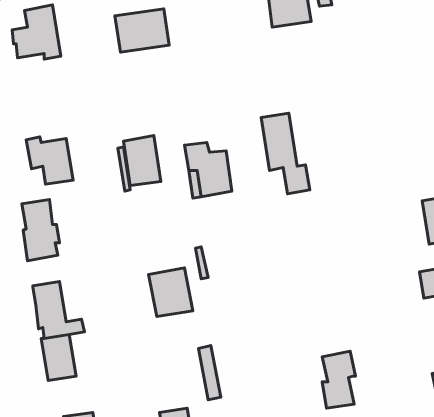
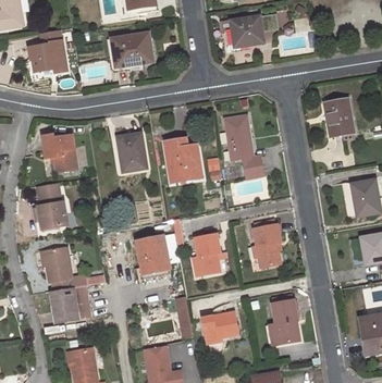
building: none -> [323,98,353,139]
building: none -> [252,224,281,268]
building: none -> [193,234,219,276]
building: none -> [201,311,238,341]

